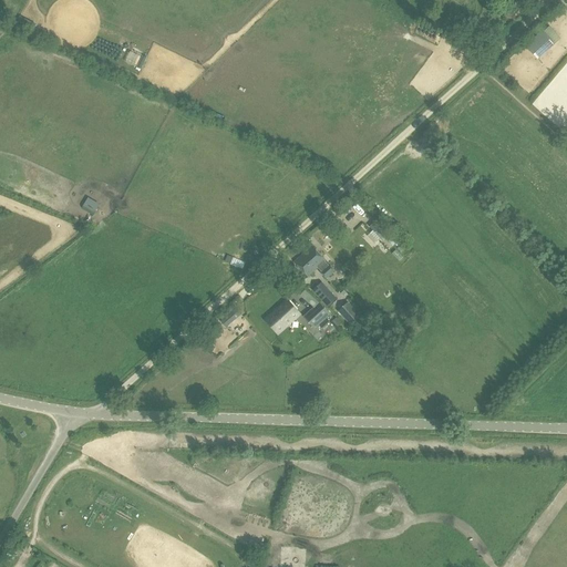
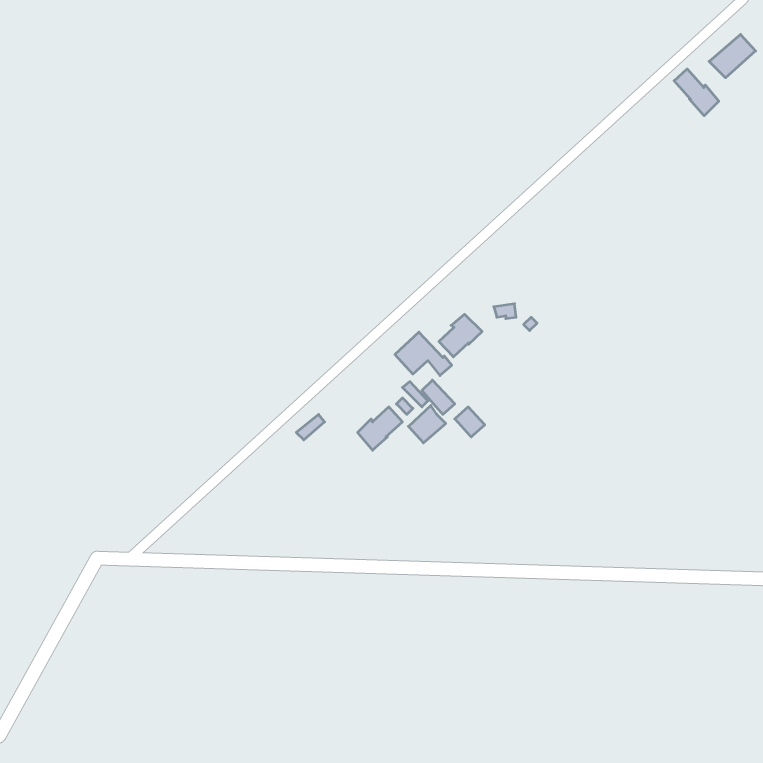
building: none -> [674,69,719,116]
building: none -> [439,314,482,357]

